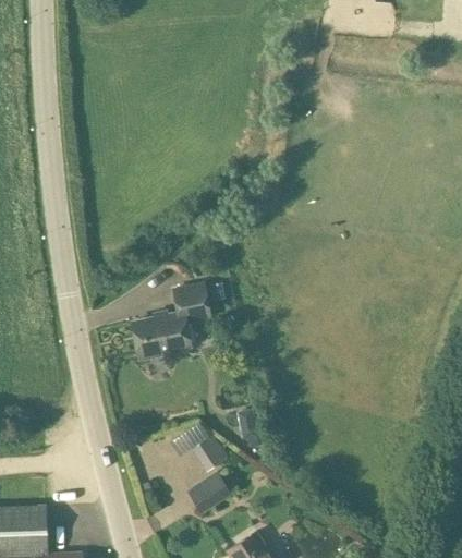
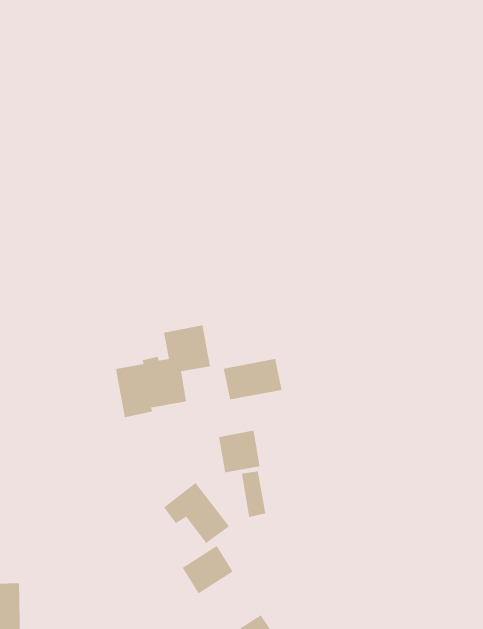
building: none -> [223,358,282,400]
building: none -> [218,430,260,473]

